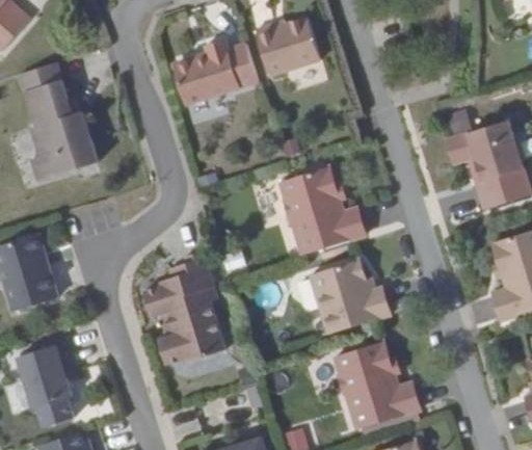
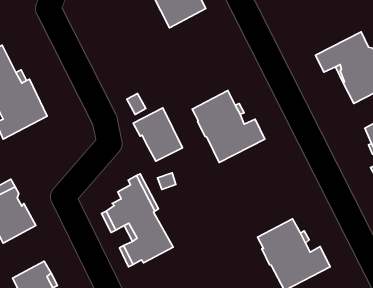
building: [172,37,258,103] -> none
building: none -> [133,108,182,161]
building: [310,259,390,334] -> none

